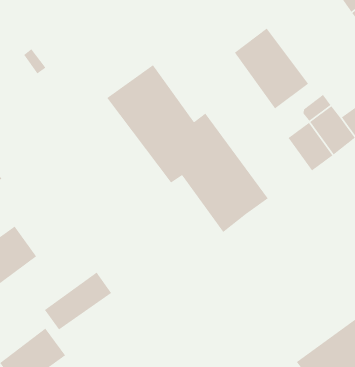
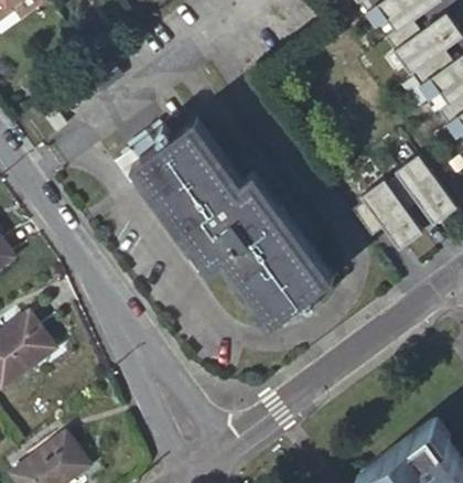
building: [234,28,309,110] -> none
building: [44,271,112,331] -> none

